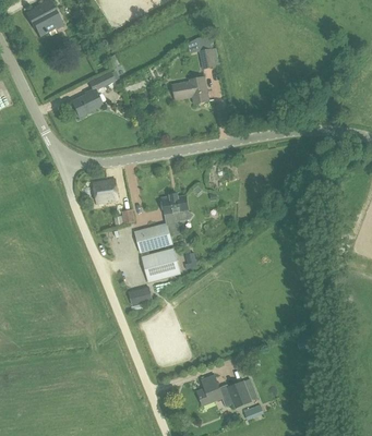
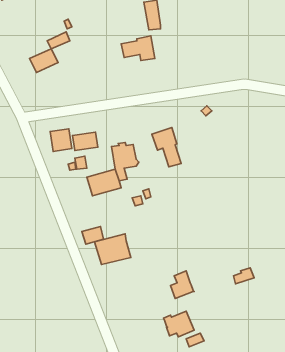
building: none -> [152,127,181,167]
building: none -> [73,132,98,151]
building: [141,247,181,281] -> [94,234,131,264]
building: [197,374,224,404] -> [170,271,194,298]

